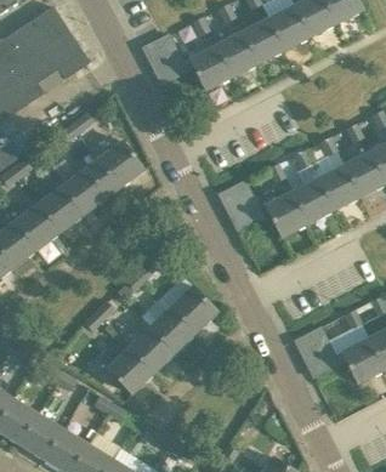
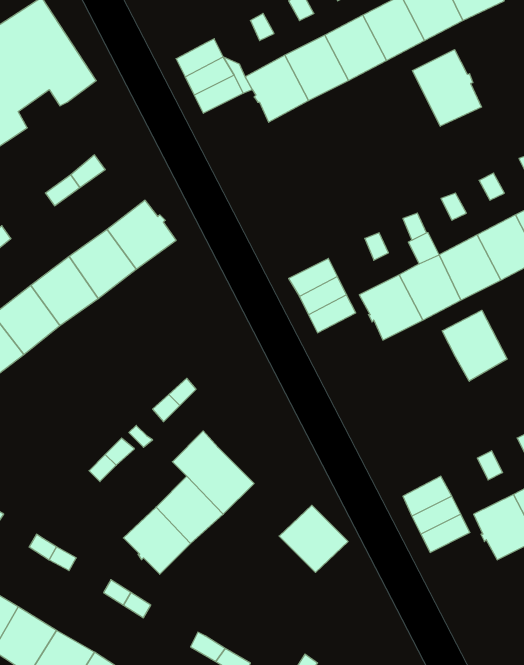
building: none -> [412,50,482,126]
building: none -> [442,310,507,381]
building: [169,288,215,332] -> [279,505,348,572]

